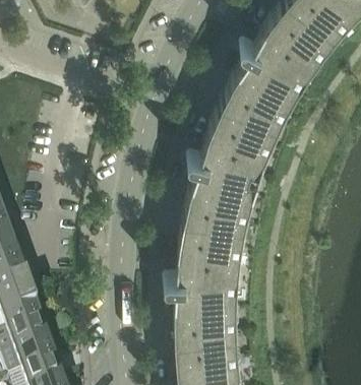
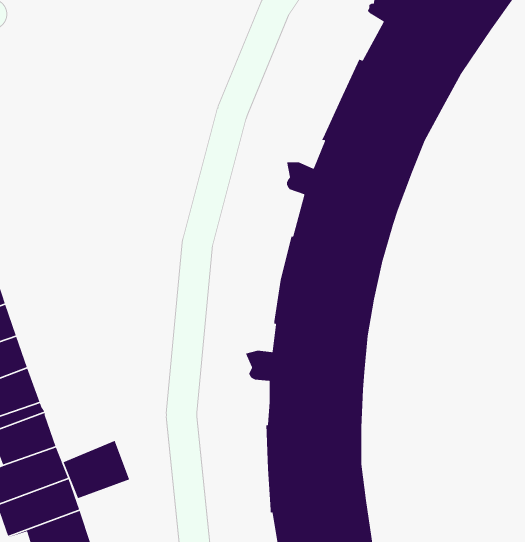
building: none -> [63,440,130,499]

